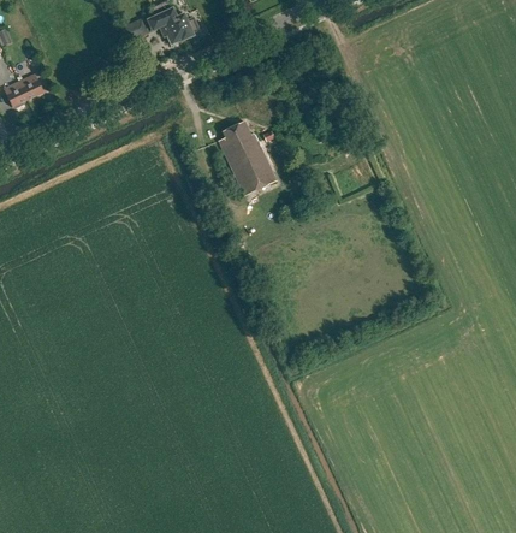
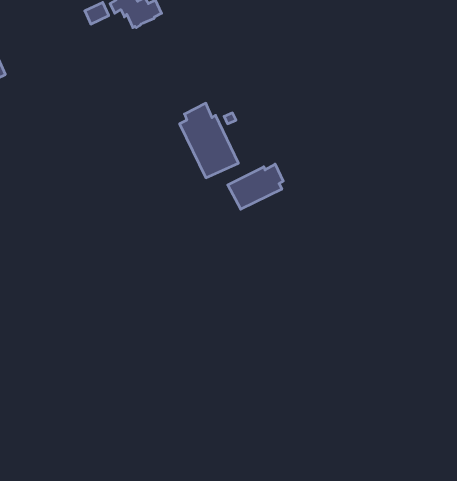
building: none -> [228,164,283,209]

